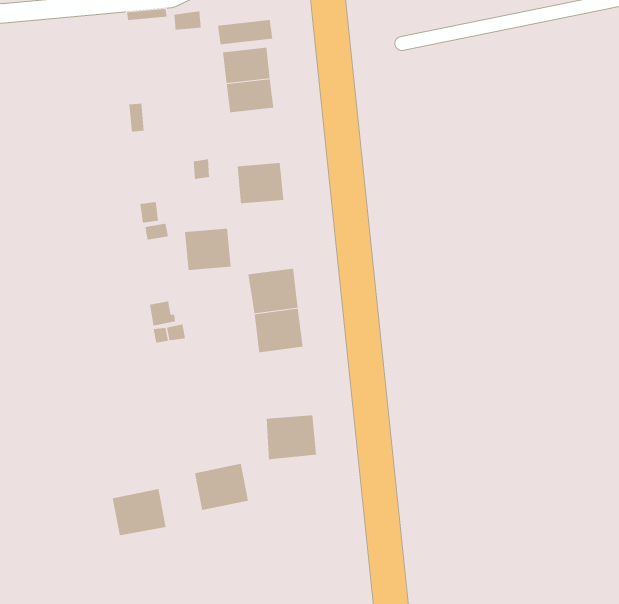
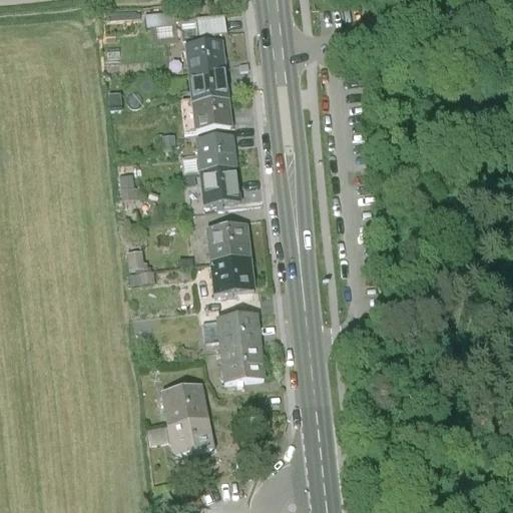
building: none -> [190,89,230,128]
building: [184,228,231,271] -> [199,165,238,200]
building: none -> [217,309,260,346]
building: [112,488,167,536] -> [167,414,212,453]

